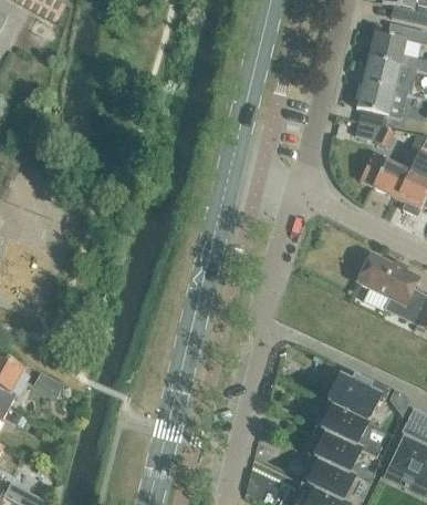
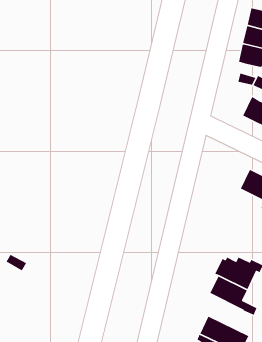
building: [309,424,375,484] -> none

